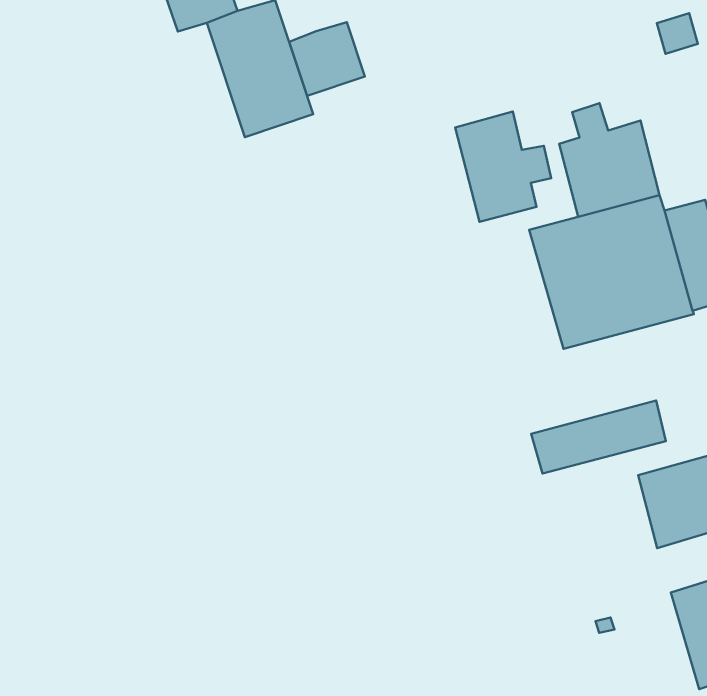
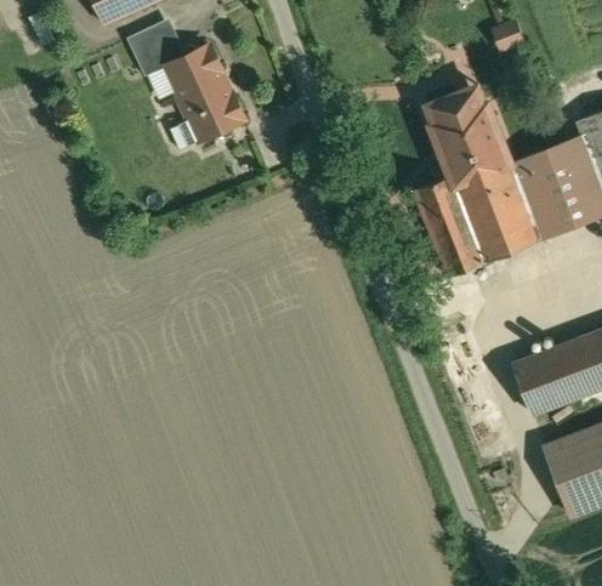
building: [289,22,365,96] -> none
building: [455,112,551,222] -> none
building: [531,400,666,474] -> none

